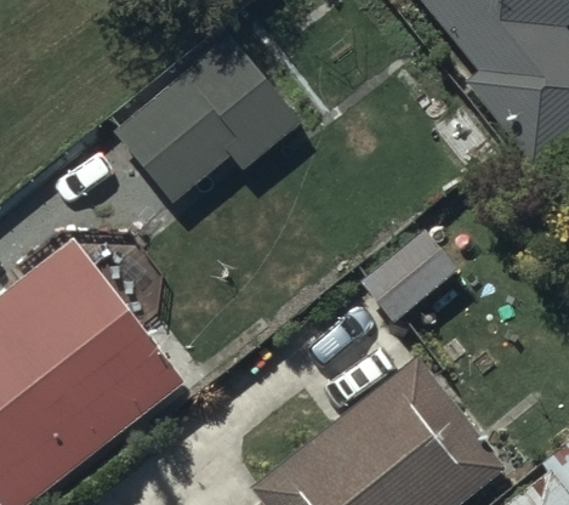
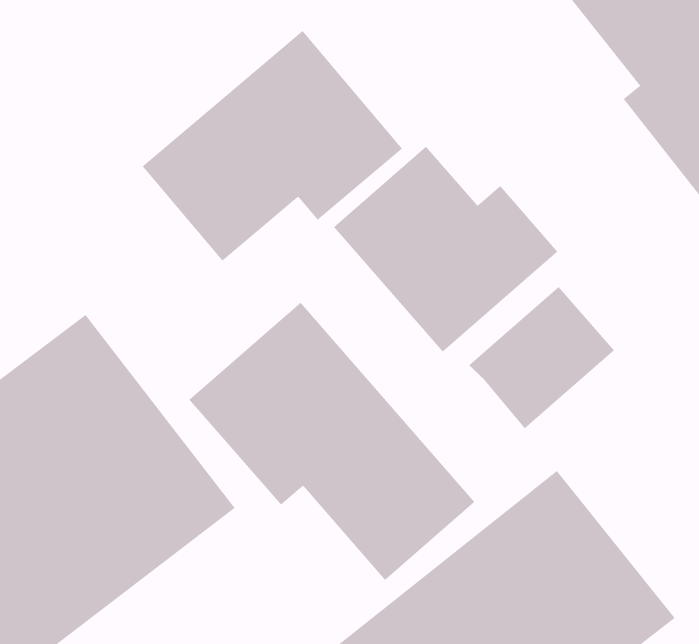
building: none -> [333,146,558,352]
building: none -> [188,302,475,581]

